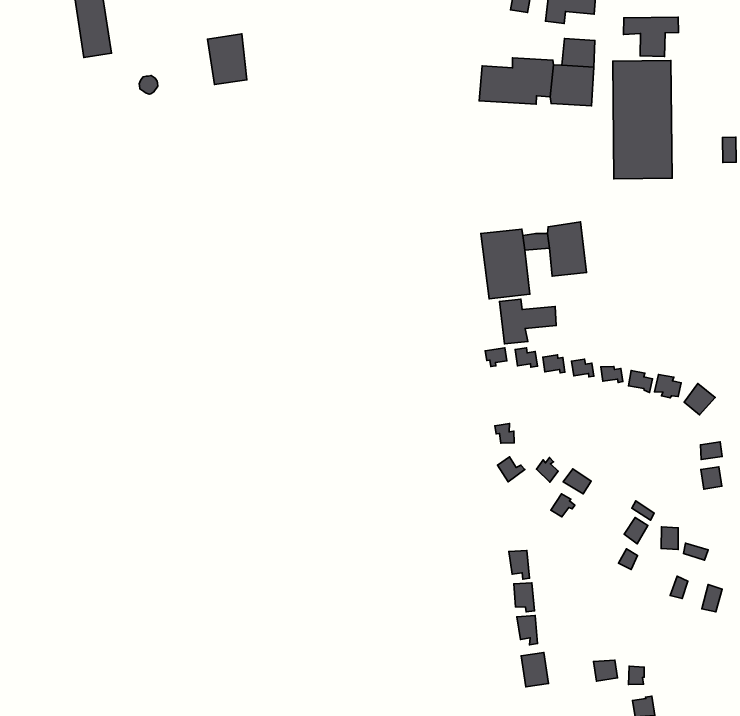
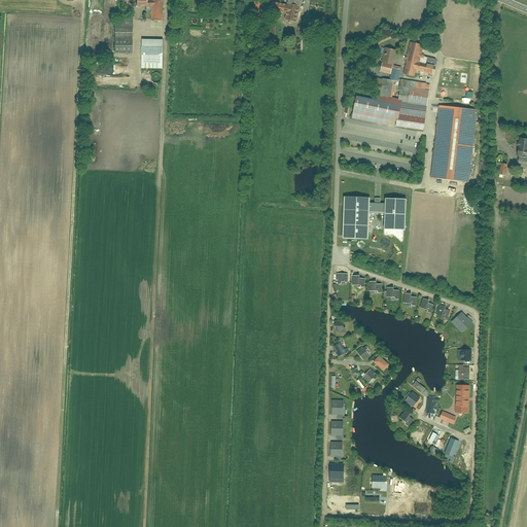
building: [623,17,678,56] -> none
building: [208,34,247,85] -> [141,39,163,68]
building: [499,299,556,344] -> none
building: none -> [454,383,468,411]

